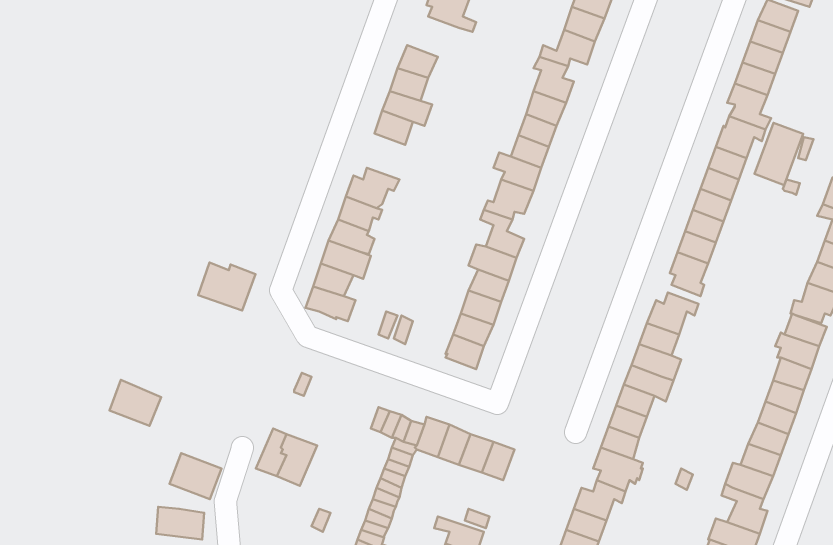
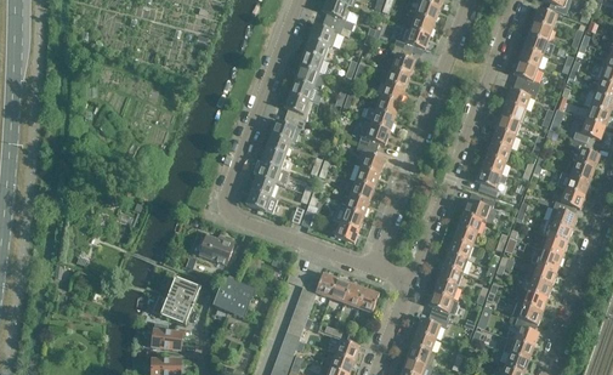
building: none -> [311,18,352,45]
building: [755,123,803,185] -> none
building: none -> [285,92,313,121]
building: [198,263,256,311] -> [199,233,235,263]
building: [109,380,161,426] -> [168,275,200,305]

